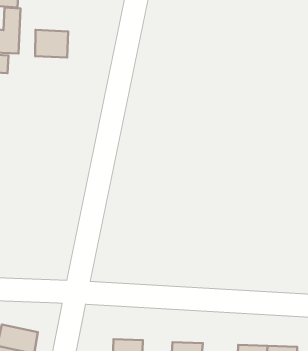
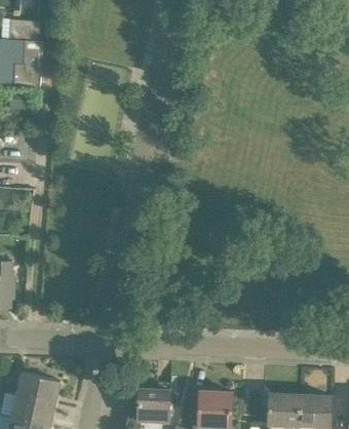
building: [35,30,68,57] -> none

